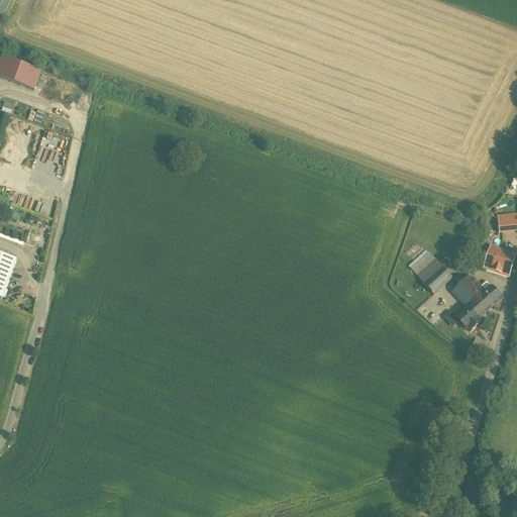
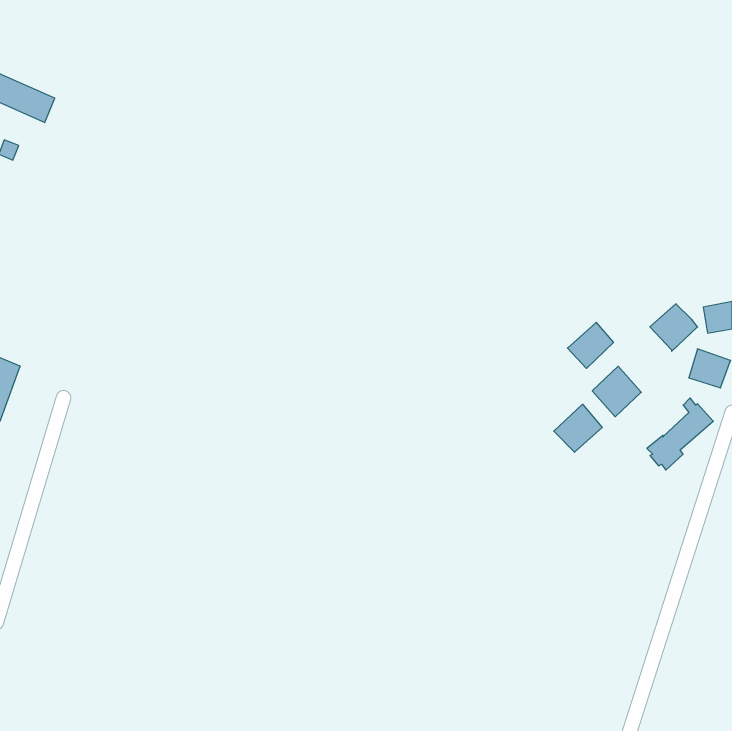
building: none -> [567,322,613,368]
building: [449,273,483,306] -> [650,304,698,351]
building: none -> [554,404,602,452]

